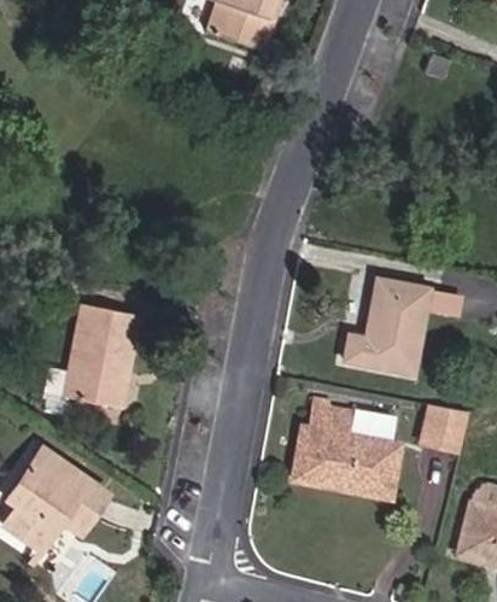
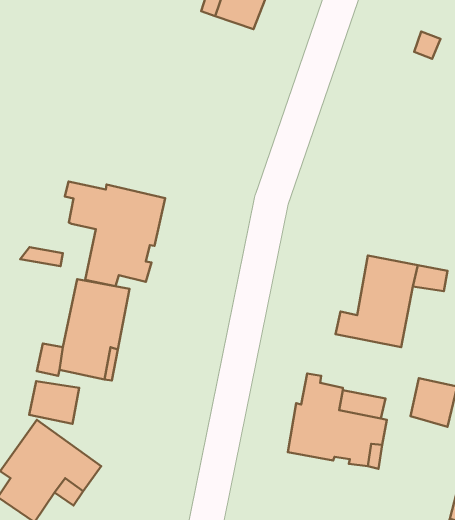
building: none -> [65,182,165,286]
building: none -> [29,381,79,424]

